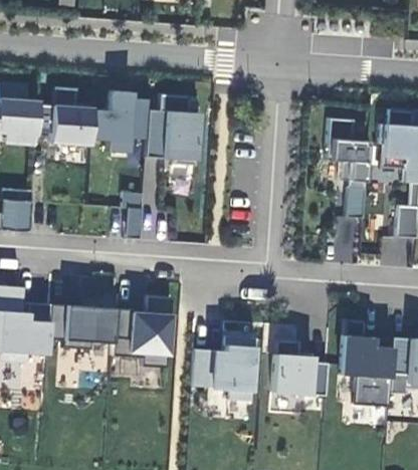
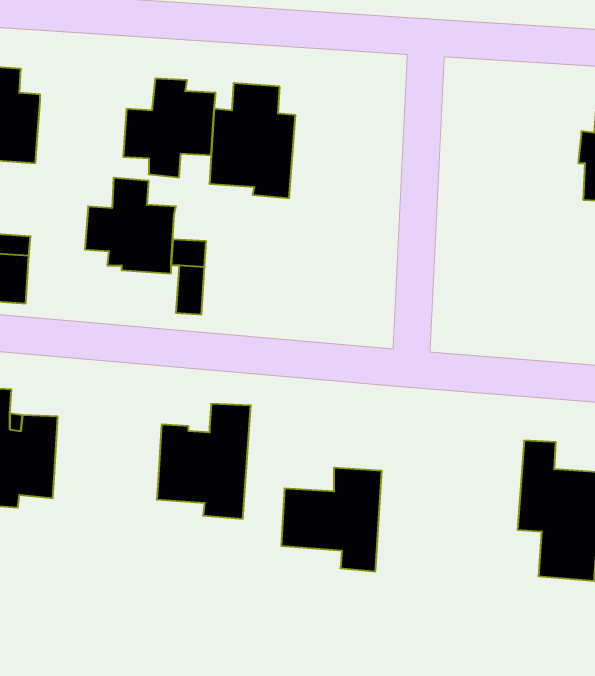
building: [37,86,94,147] -> [85,178,176,273]
building: [326,118,369,218] -> none
building: [48,290,117,349] -> none
building: [272,339,329,396] -> none

